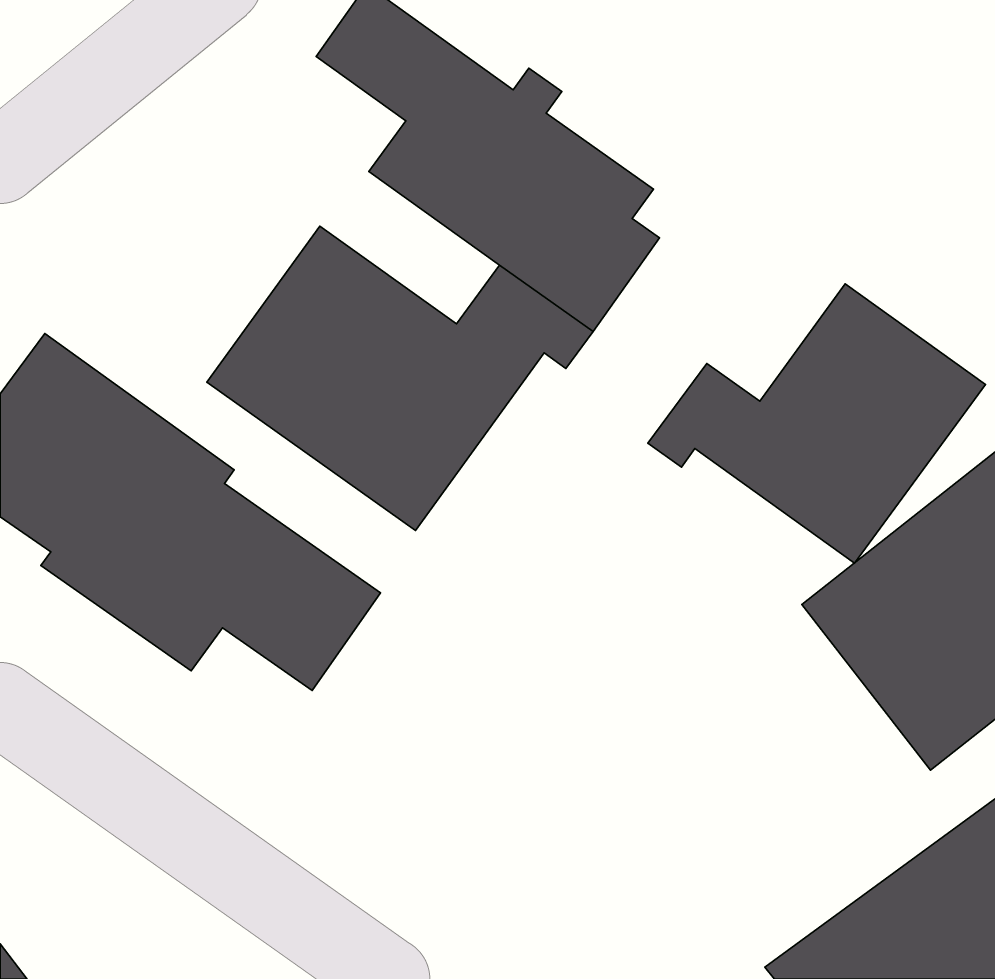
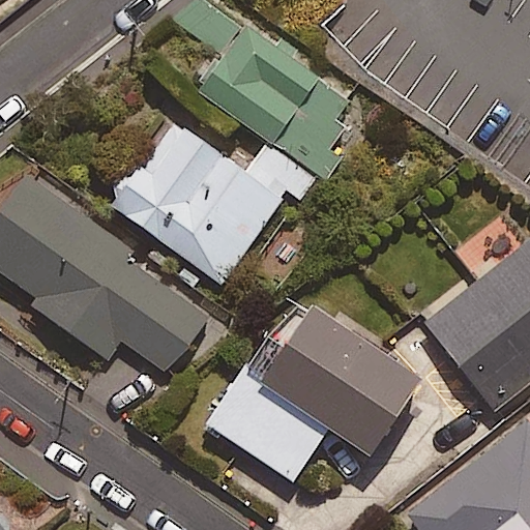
building: [648,284,985,563] -> none
building: none -> [208,297,421,481]

